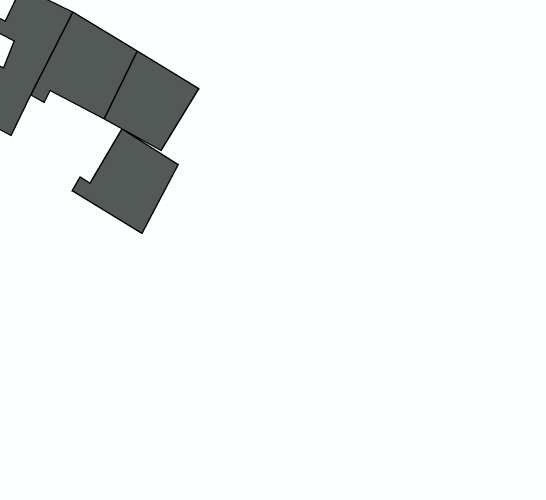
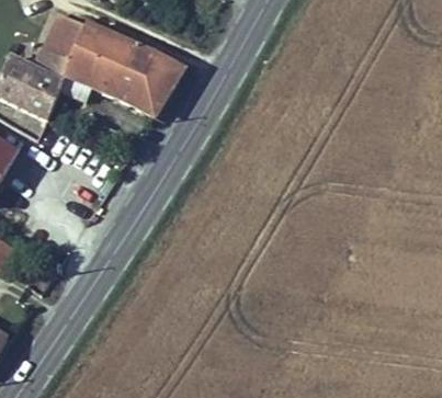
building: [72,129,178,233] -> none

